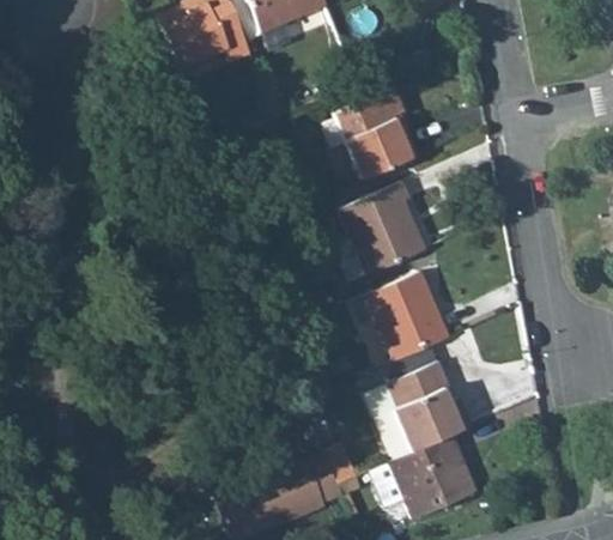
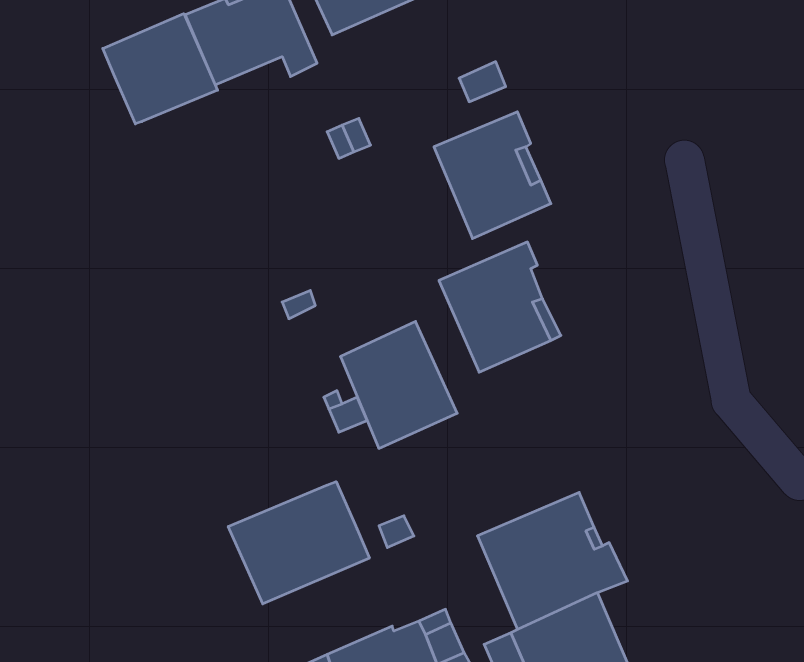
building: none -> [103,14,218,124]
building: [366,269,450,360] -> [340,321,457,448]
building: none -> [228,482,369,604]

